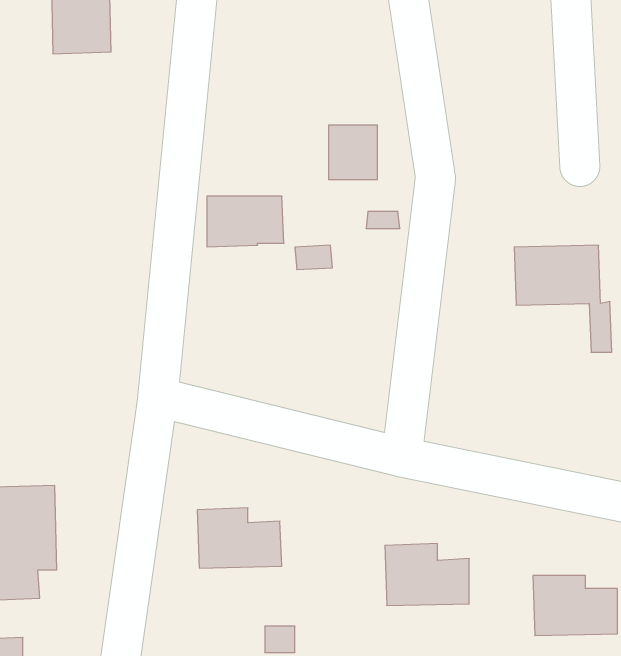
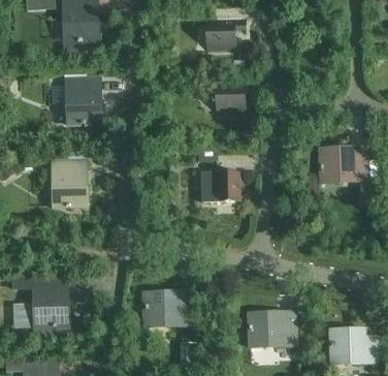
building: none -> [206,18,234,49]
building: none -> [66,76,99,123]
building: [207,196,284,247] -> [201,173,244,200]
building: none -> [52,158,86,206]

